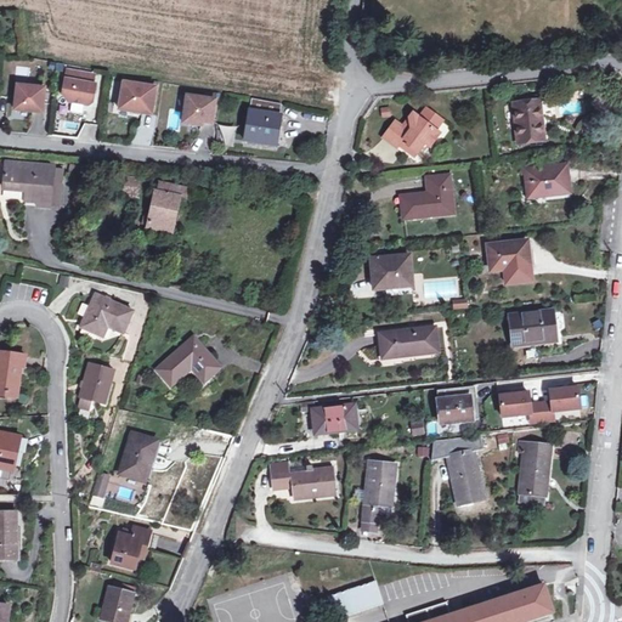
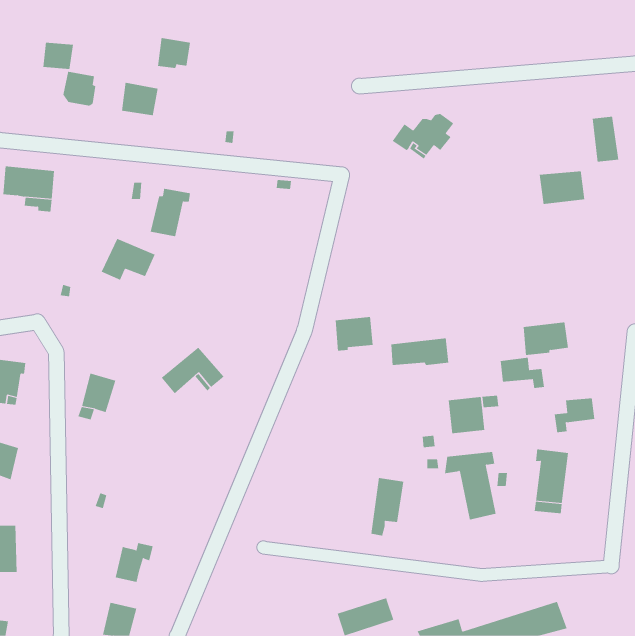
building: [13,84,44,111] -> [43,42,74,70]
building: [181,94,214,124] -> [157,37,191,69]
building: [244,98,281,145] -> none
building: [514,98,541,143] -> [592,116,619,162]
building: [400,175,452,219] -> none
building: [488,244,531,285] -> none
building: [373,259,411,293] -> [335,316,373,351]
building: [79,294,132,335] -> [101,238,156,281]
building: [498,392,542,423] -> [500,357,545,388]
building: [312,406,356,432] -> none
building: [118,432,156,479] -> none
building: [272,468,333,497] -> none

